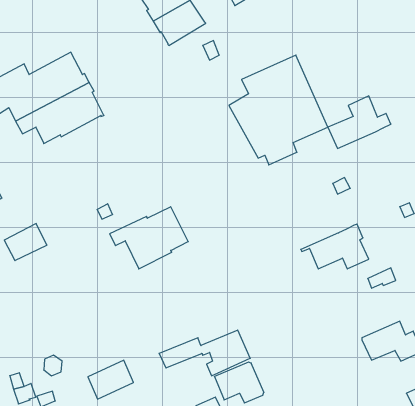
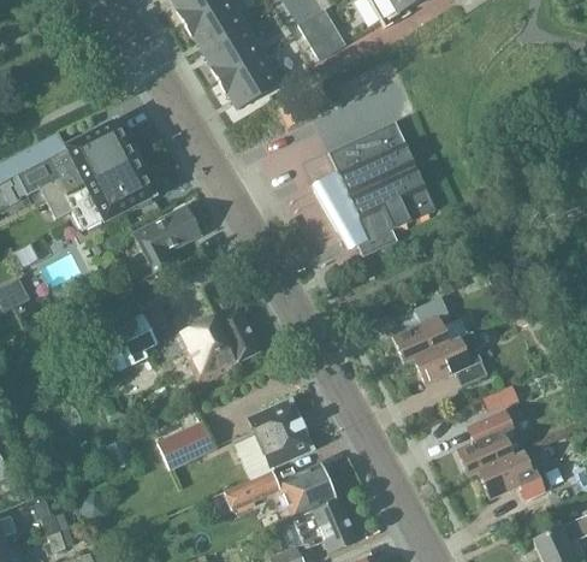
building: [328,96,391,148] -> [389,296,467,361]
building: none -> [123,205,201,284]
building: [4,224,47,261] -> [102,314,155,360]
building: none -> [236,397,314,475]
building: none -> [456,409,523,474]
building: [88,360,133,399] -> [158,420,214,468]

